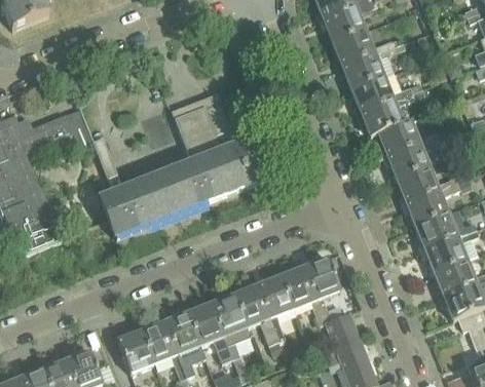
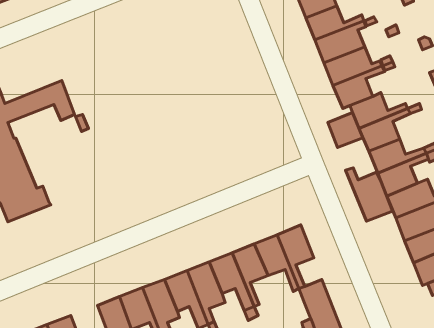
building: [99,99,260,237] -> none
building: none -> [328,113,363,147]
building: none -> [346,168,393,221]

